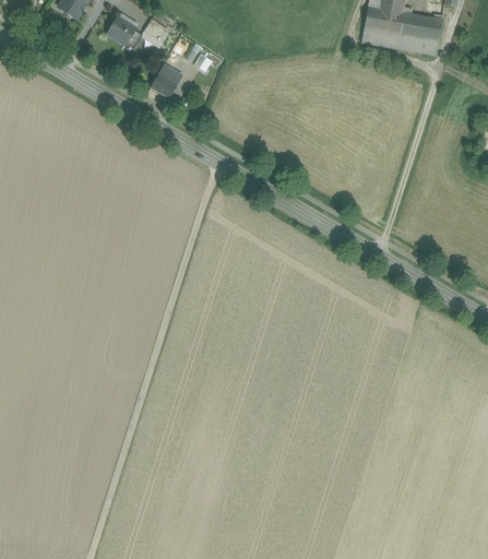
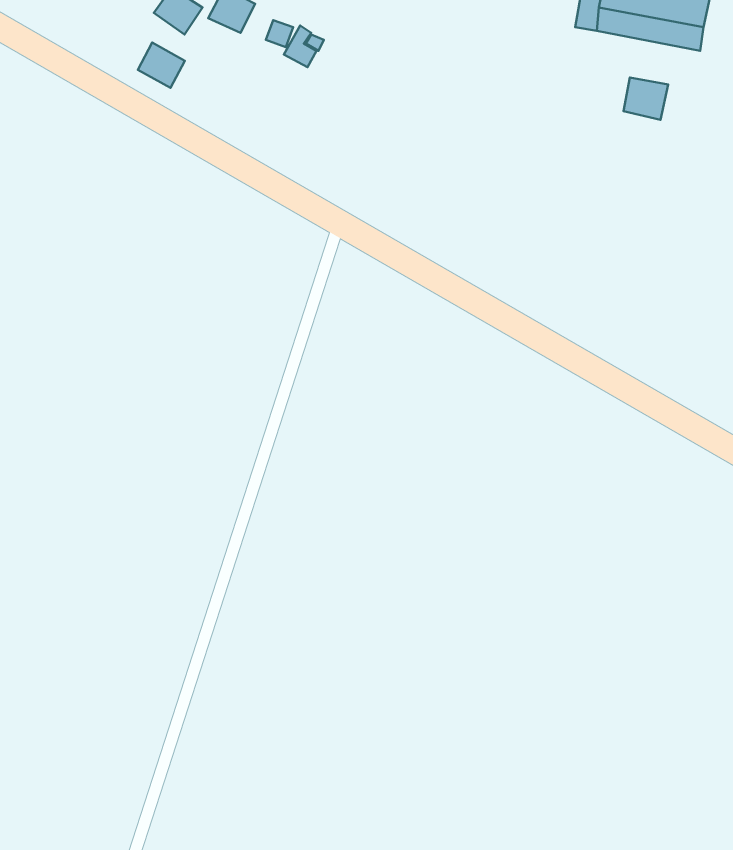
building: none -> [624,77,668,120]
building: [152,71,180,98] -> [138,43,185,88]

